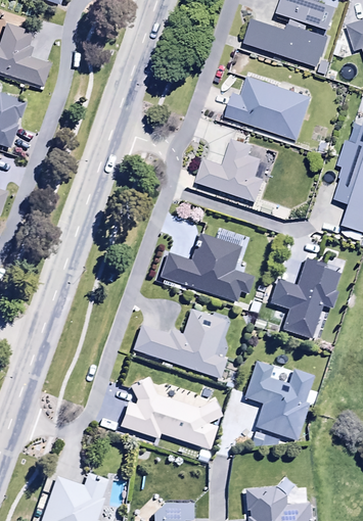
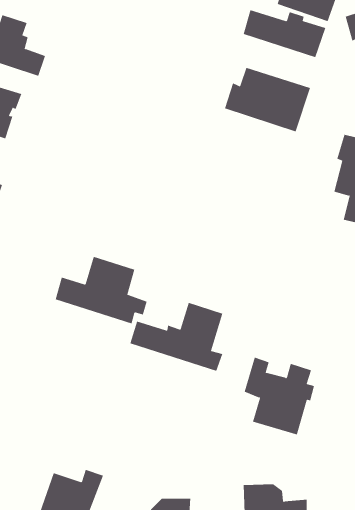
building: [196,140,265,202] -> none
building: [162,233,254,300] -> [55,256,148,324]
building: [271,260,339,337] -> none
building: [121,378,222,449] -> none

